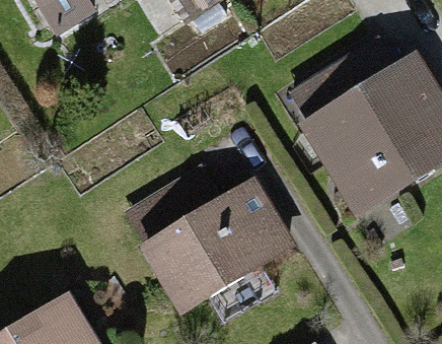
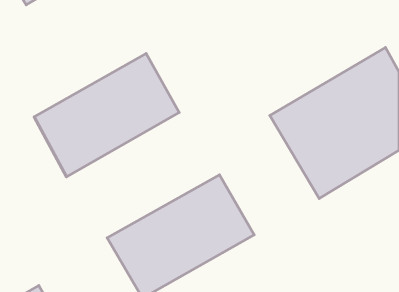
building: none -> [34,54,179,177]

